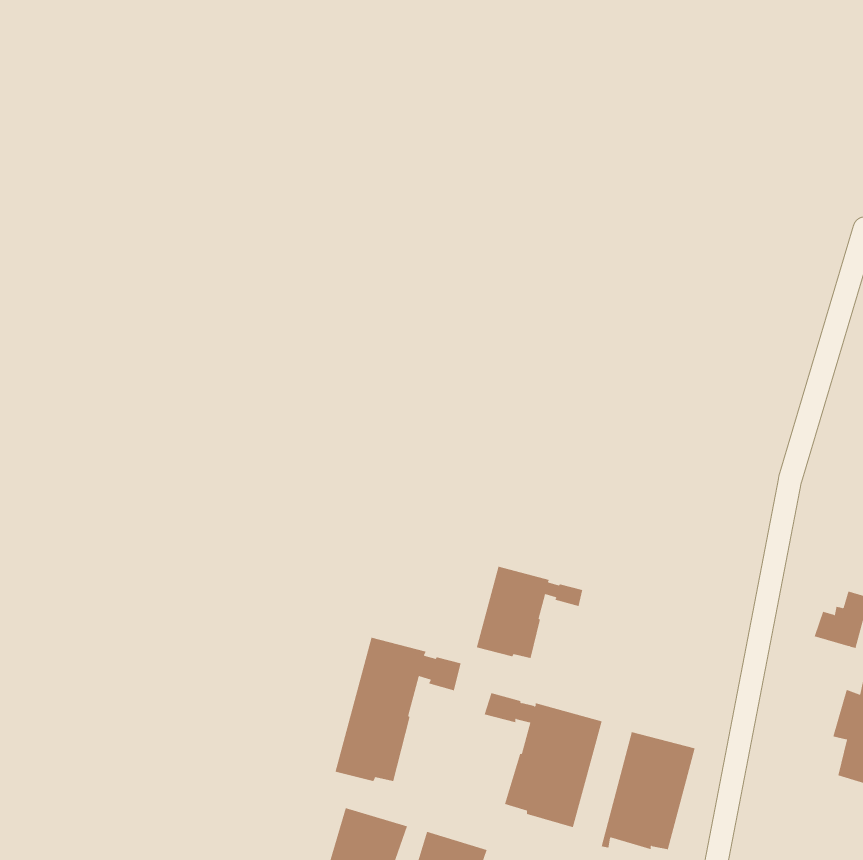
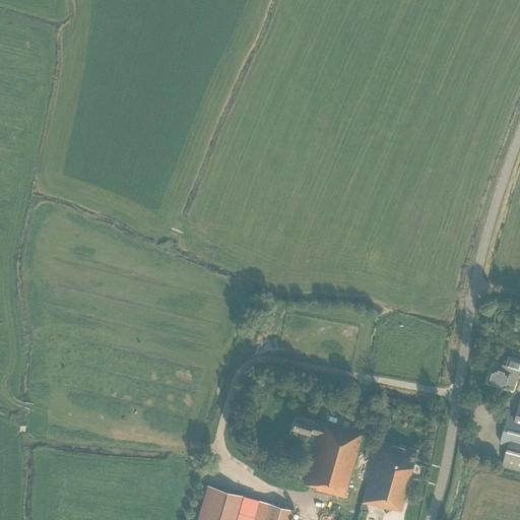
building: [476,566,583,659] -> none
building: [335,637,461,782] -> none

